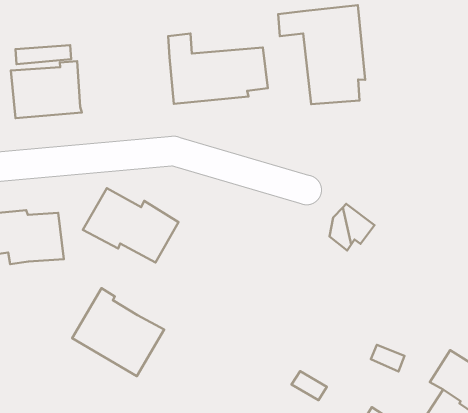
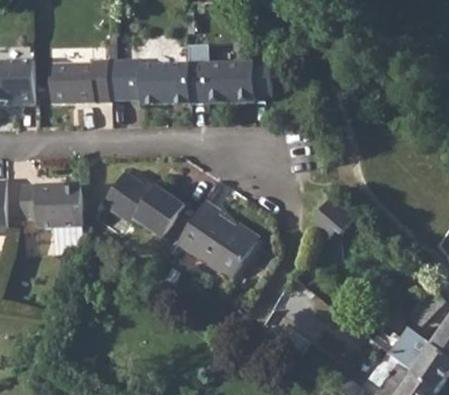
building: [278,5,365,104] -> none
building: none -> [121,58,187,104]
building: [72,288,164,376] -> [176,202,255,279]

